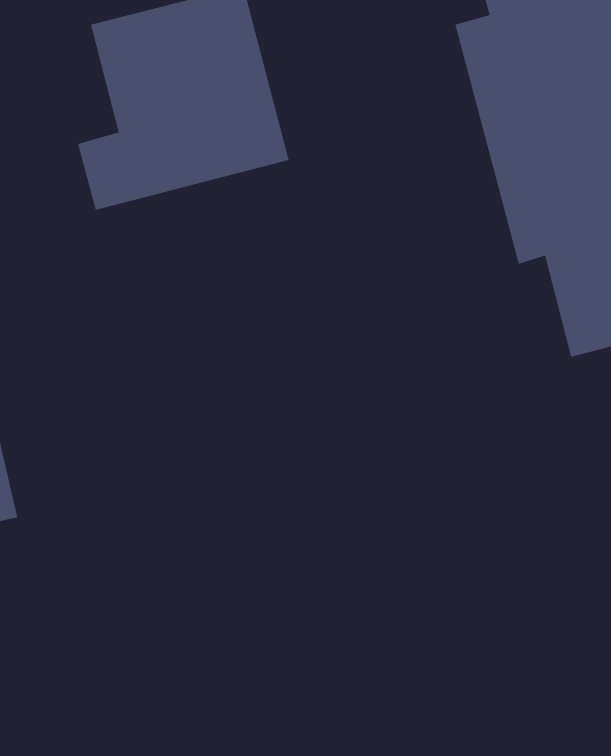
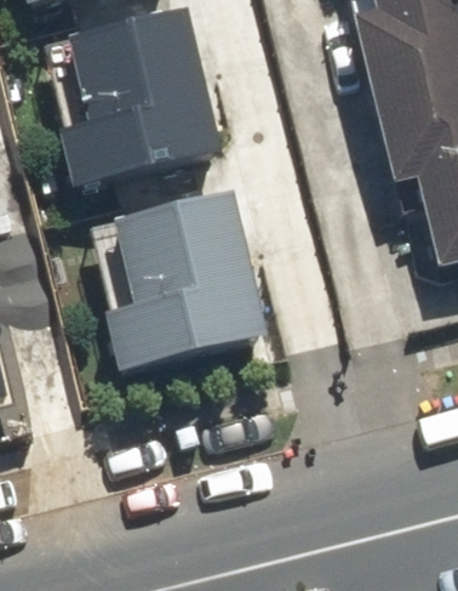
building: none -> [110,189,268,357]

